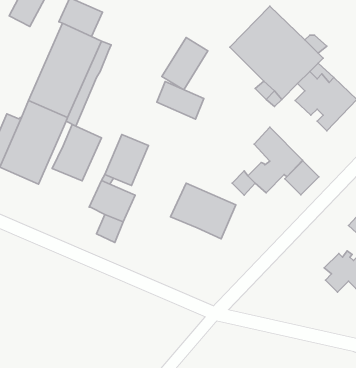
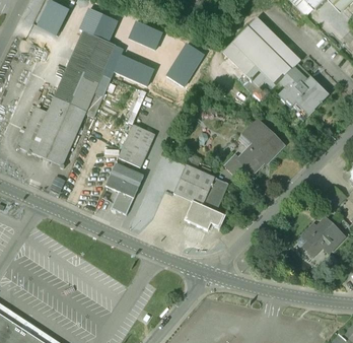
building: none -> [128,20,162,49]
building: [157,82,204,119] -> [114,54,153,85]
building: [52,124,102,181] -> none
building: [285,161,319,195] -> none
building: none -> [187,202,223,230]

